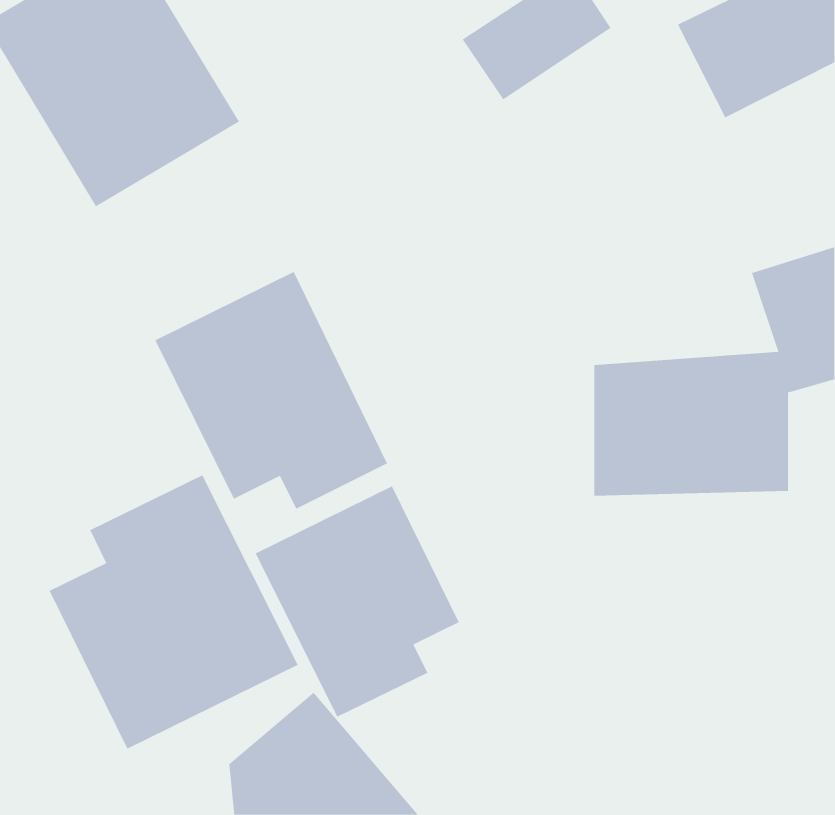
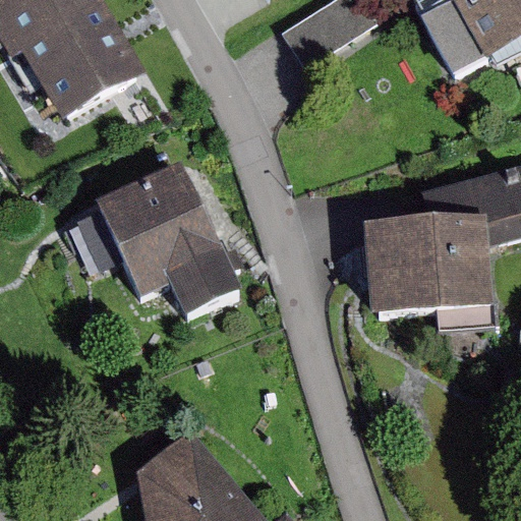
building: [49,474,298,750] -> none
building: [255,486,460,717] -> none

